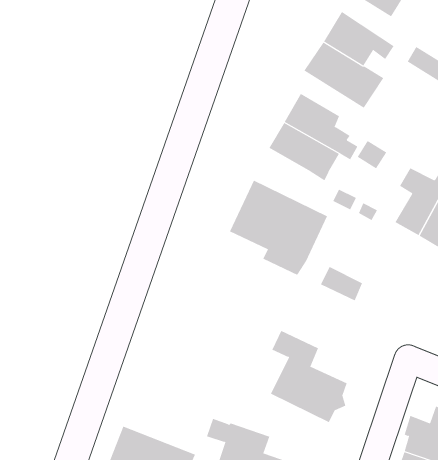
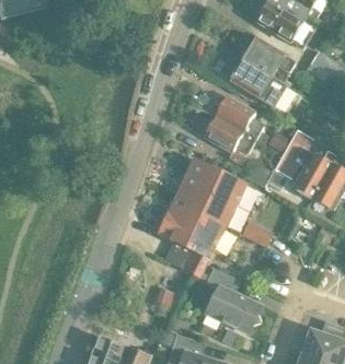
building: none -> [275,131,312,177]
building: none -> [157,196,225,278]

